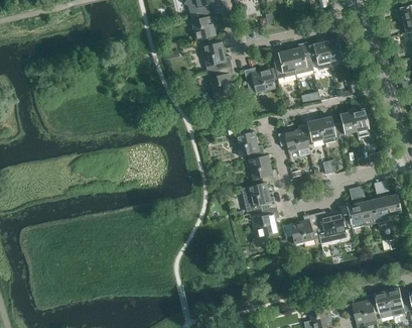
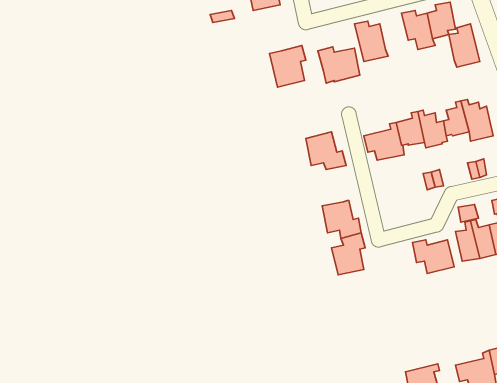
building: [201,41,232,70] -> none
building: [290,41,313,74] -> [449,24,480,67]
building: [248,154,278,183] -> none
building: [289,213,319,243] -> none

